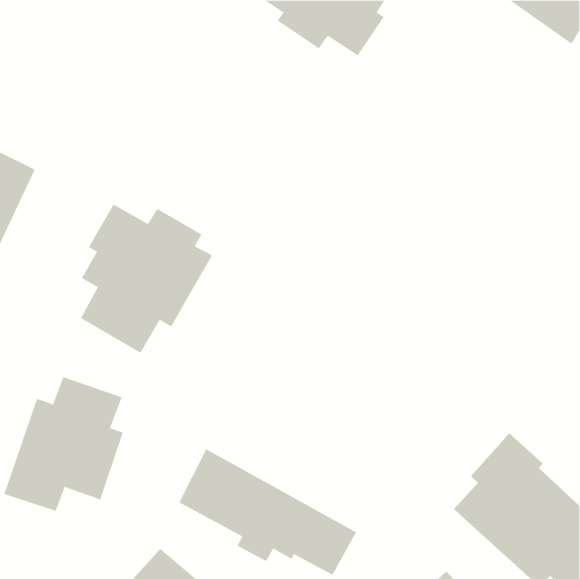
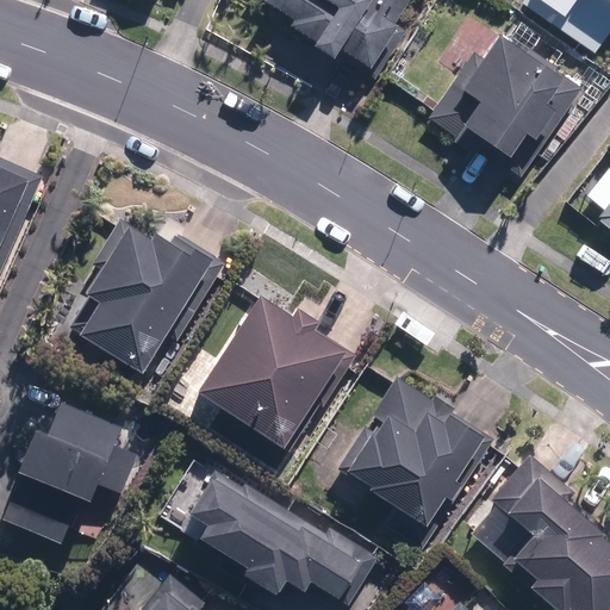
building: none -> [424,30,581,156]
building: none -> [200,292,351,443]
building: none -> [341,378,486,524]

